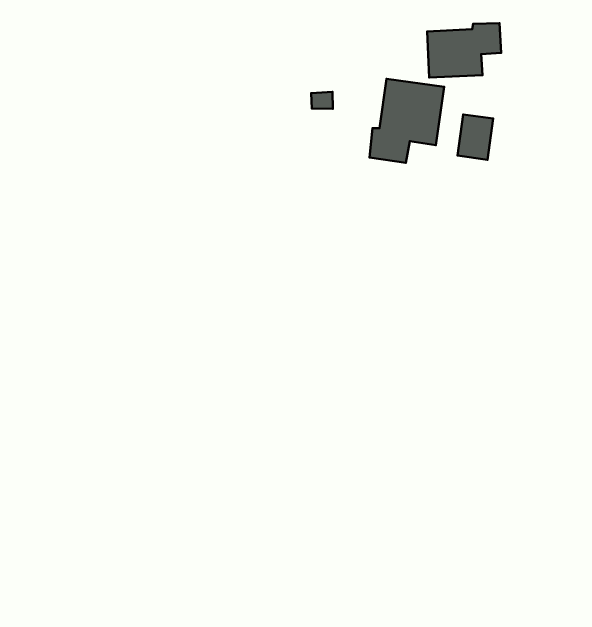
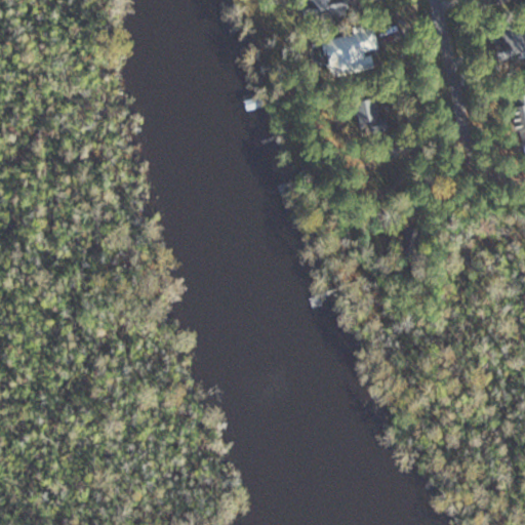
building: [369,79,444,163] -> none

